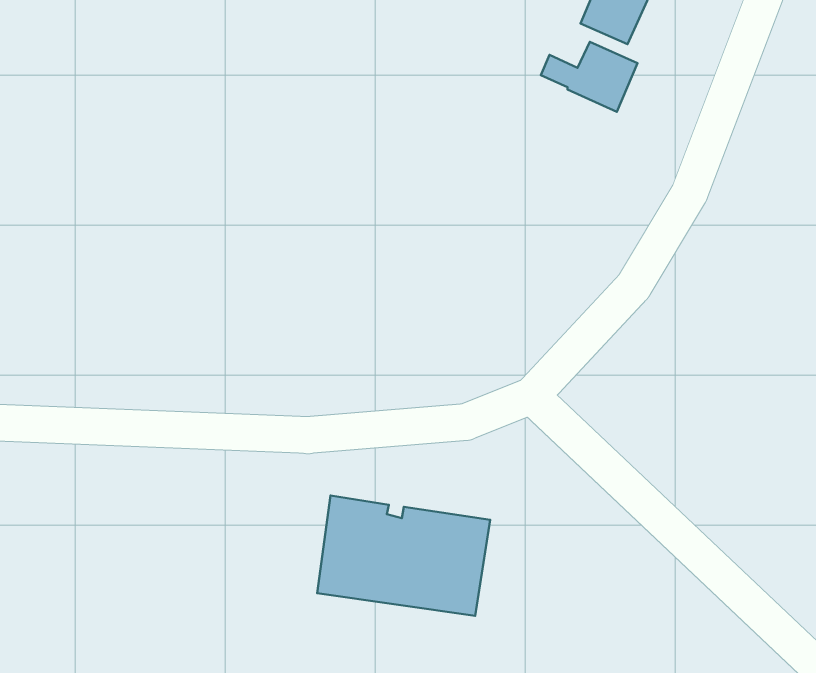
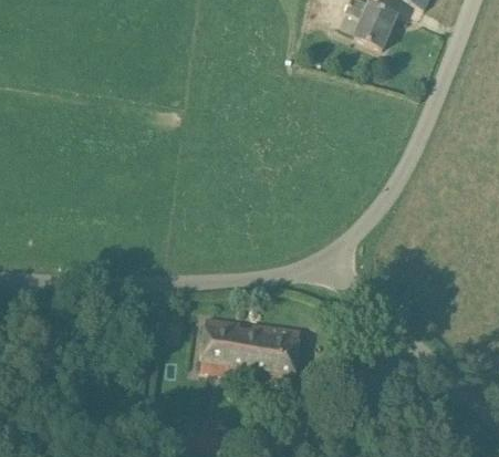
building: [541,42,638,112] -> none

